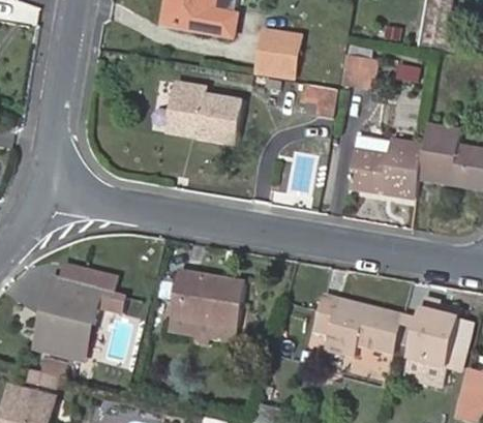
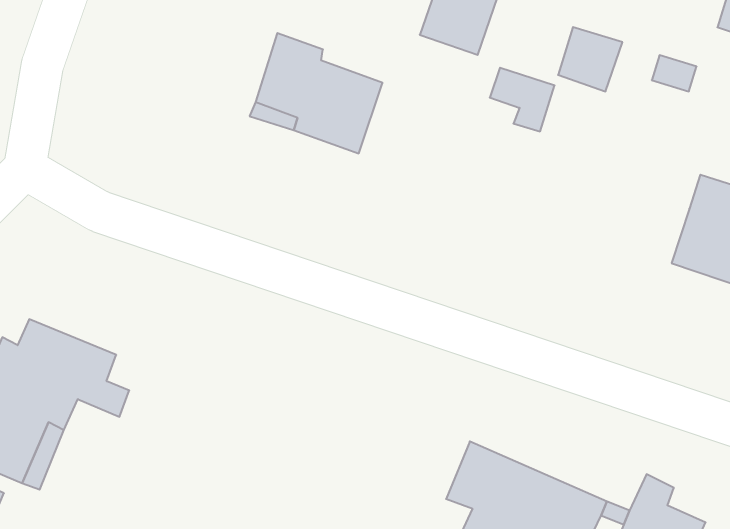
building: [348,134,423,198] -> none
building: [168,272,244,343] -> none

